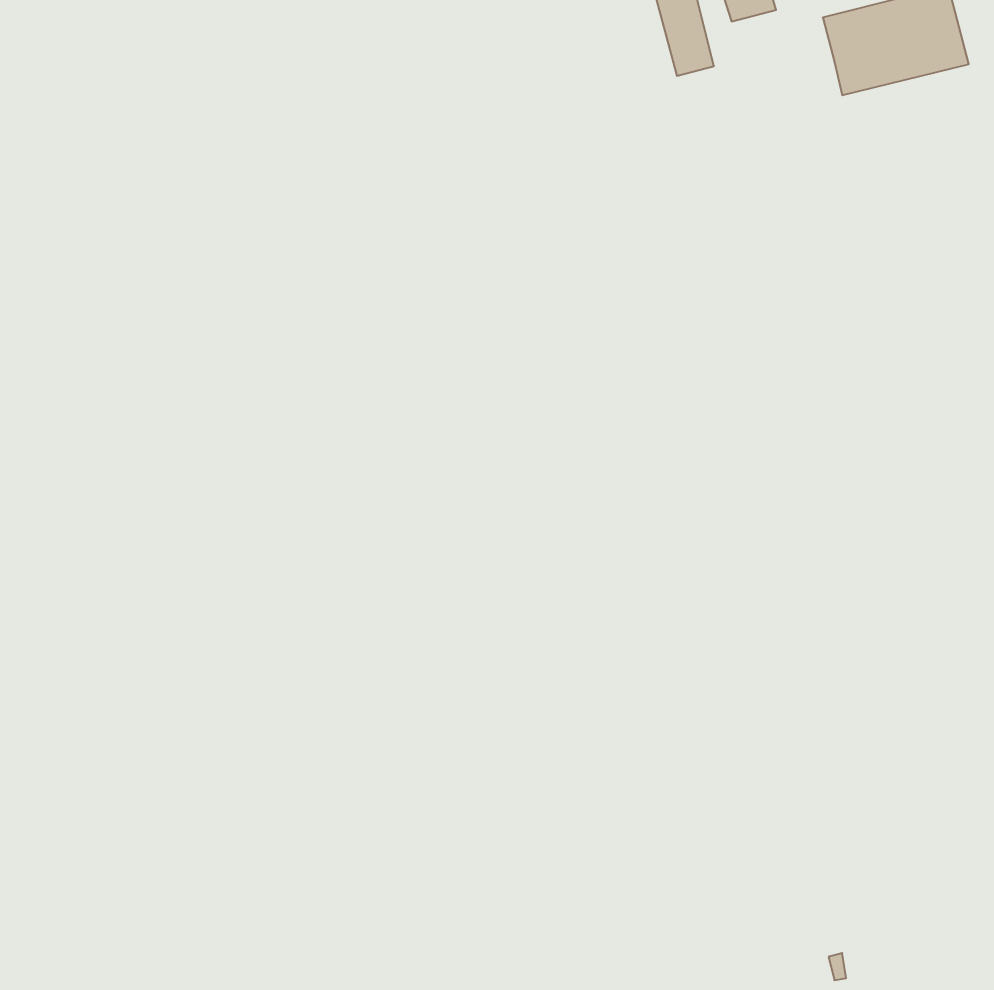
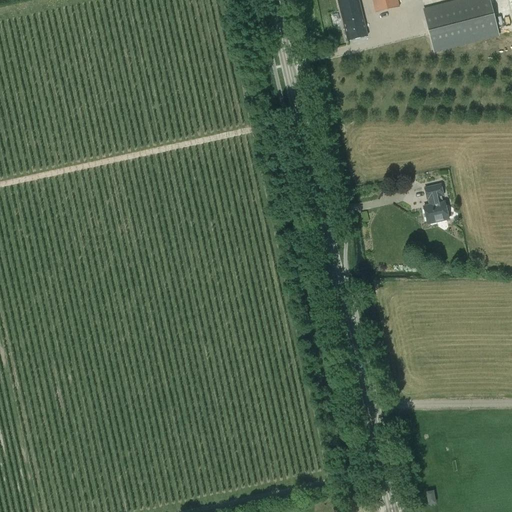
building: none -> [423,183,448,222]

